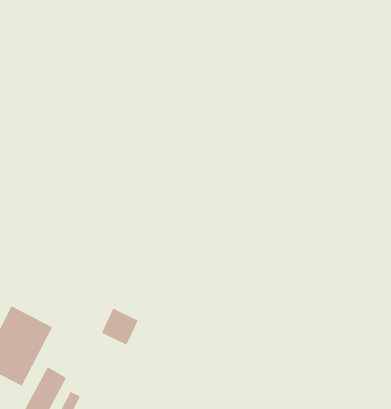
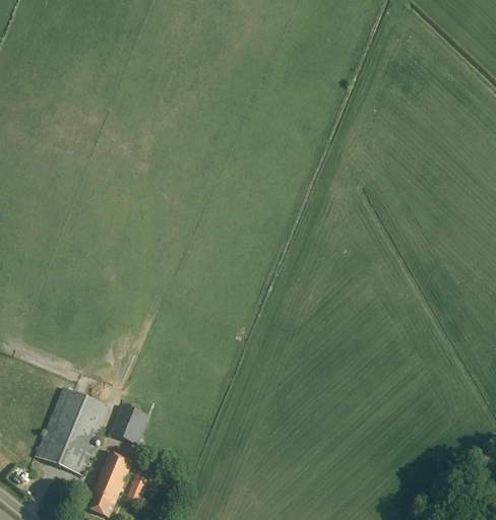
building: [101,308,139,345] -> [109,404,148,444]

